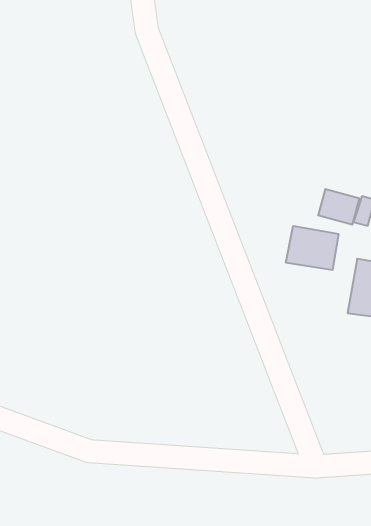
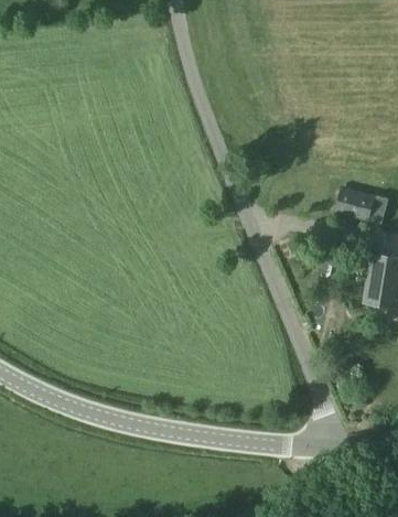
building: [286,226,338,270] -> none

